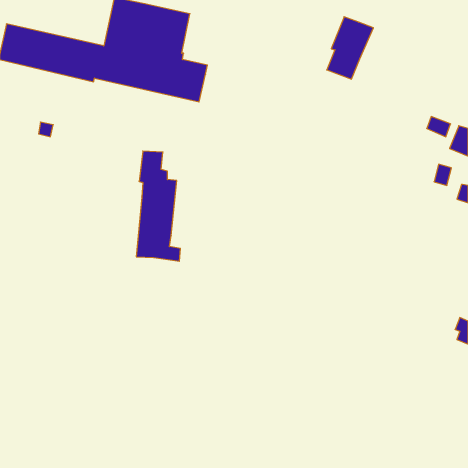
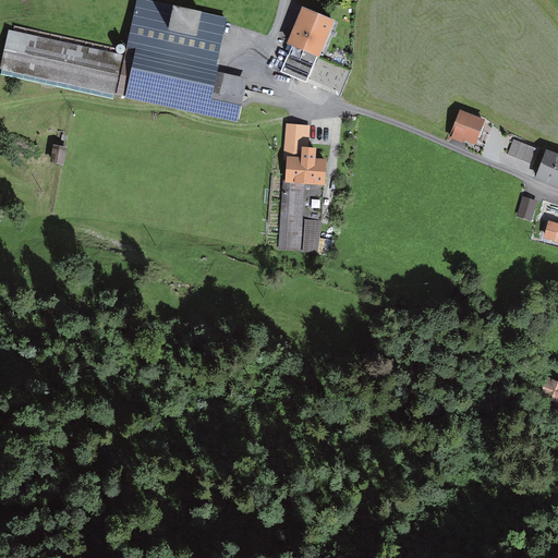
building: [327,17,373,79] -> [280,7,336,81]
building: none -> [448,109,485,143]
building: [136,151,180,261] -> [278,123,330,254]

